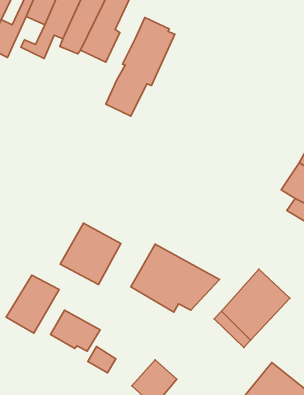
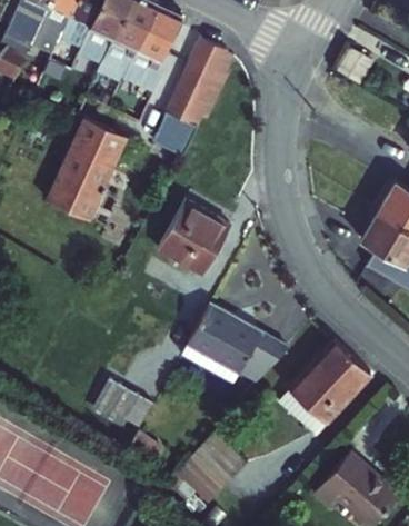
building: none -> [46,117,123,217]
building: [60,223,121,285] -> [160,199,232,272]
building: [6,275,59,333] -> none

